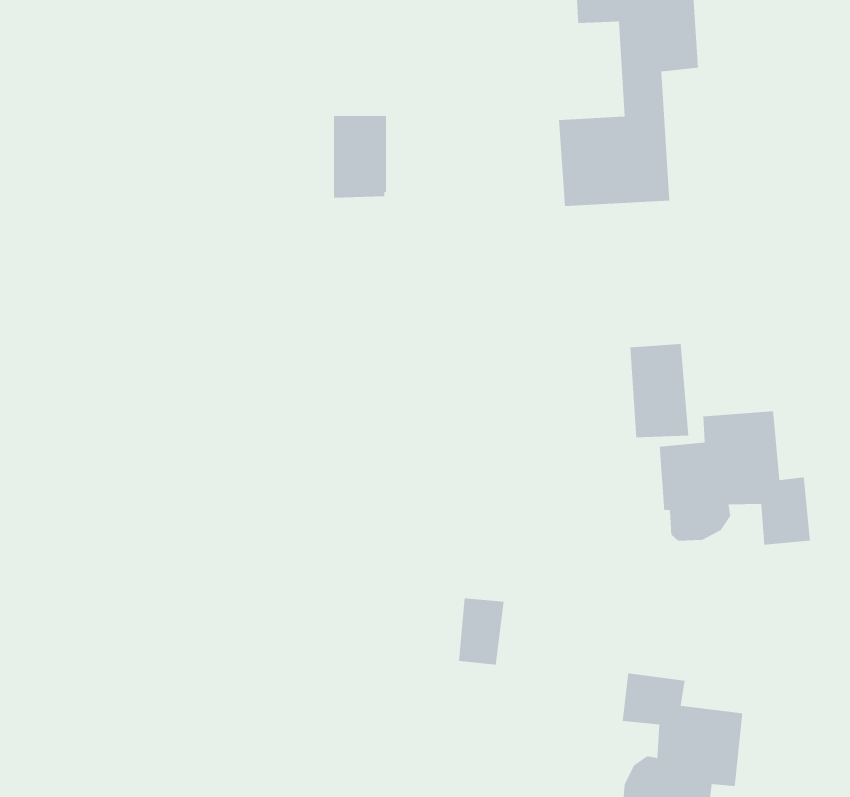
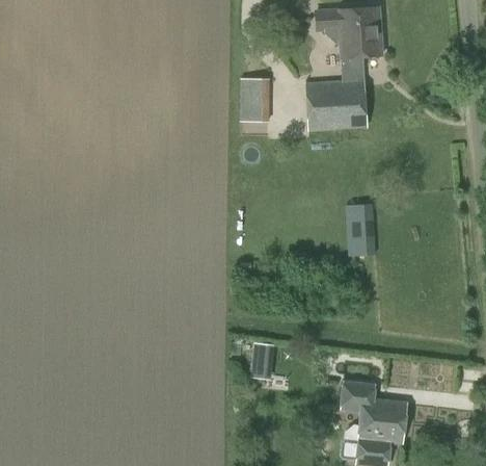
building: [333,115,387,198] -> [240,79,269,124]
building: [659,411,811,546] -> none

